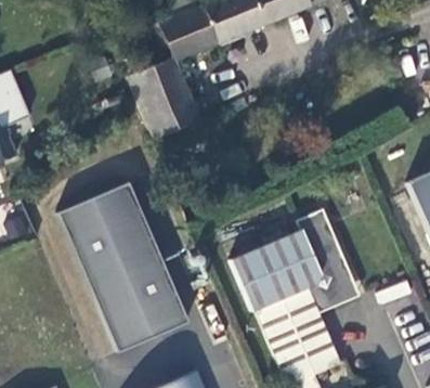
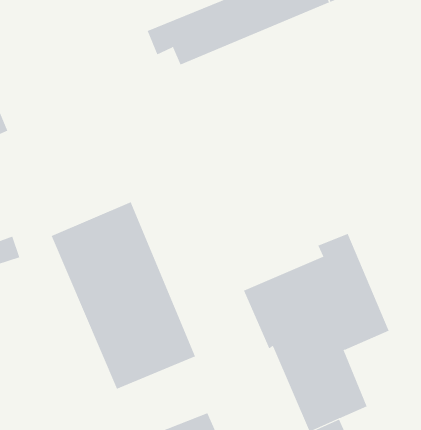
building: [127,59,198,138] -> none

